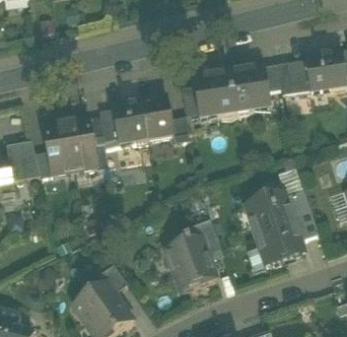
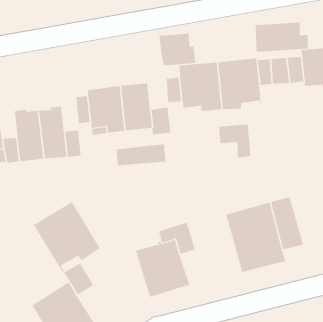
building: none -> [255,22,309,53]
building: none -> [159,32,196,66]
building: none -> [218,123,251,158]
building: none -> [116,144,166,166]
building: none -> [33,201,101,273]

